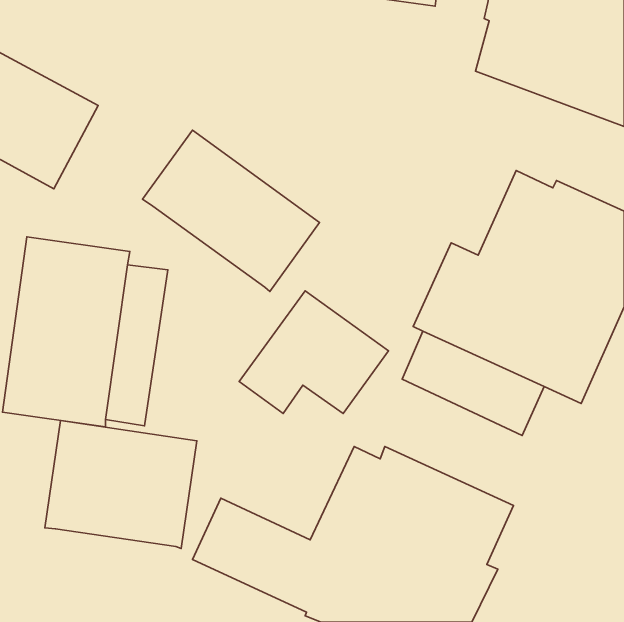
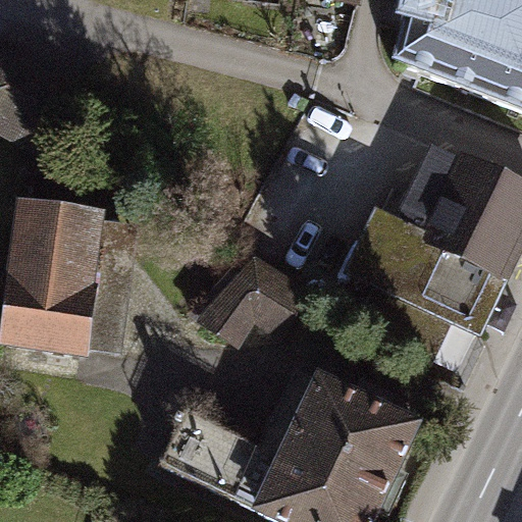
building: [143,130,319,292] -> none
building: [45,421,197,548] -> none

